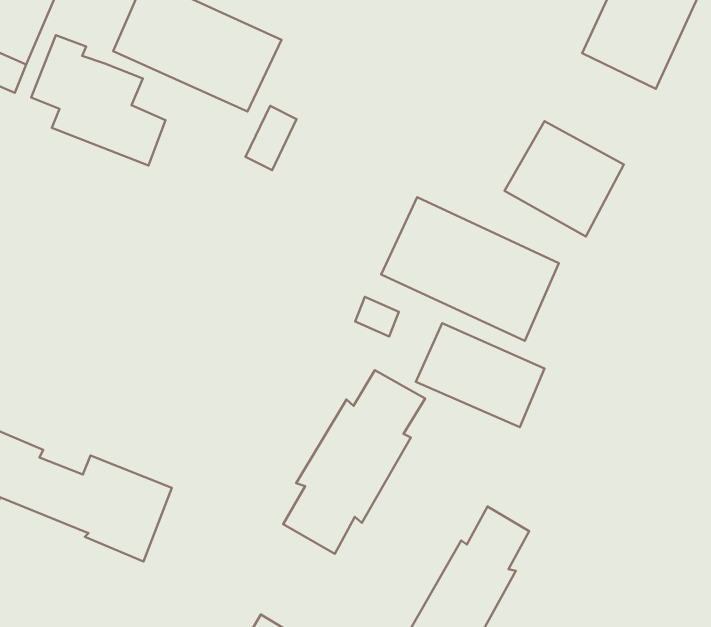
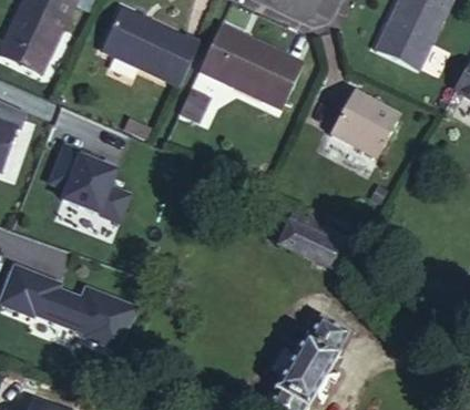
building: [31,35,165,166] -> [51,145,130,222]
building: [381,197,559,341] -> [198,24,303,109]
building: [283,370,425,554] -> none

